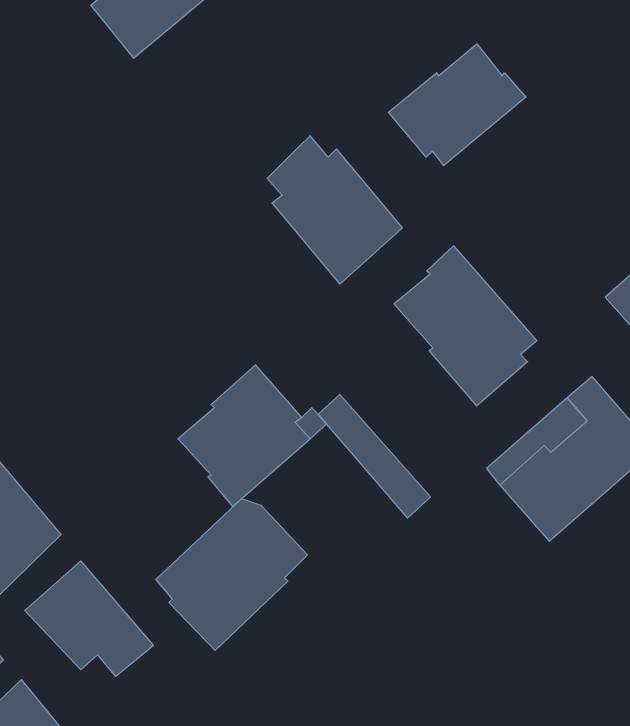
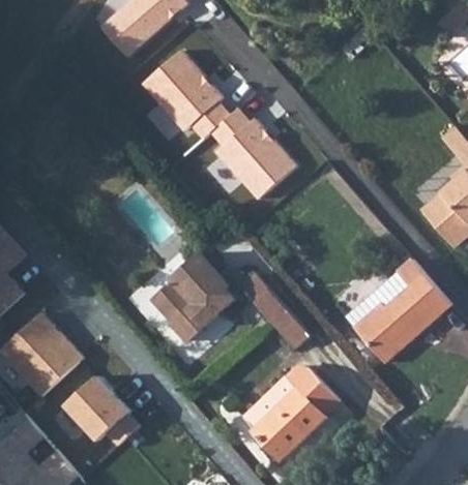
building: none -> [138,50,228,141]
building: [389,44,526,166] -> none
building: [394,246,537,406] -> none
building: [156,499,307,650] -> [244,365,340,460]

